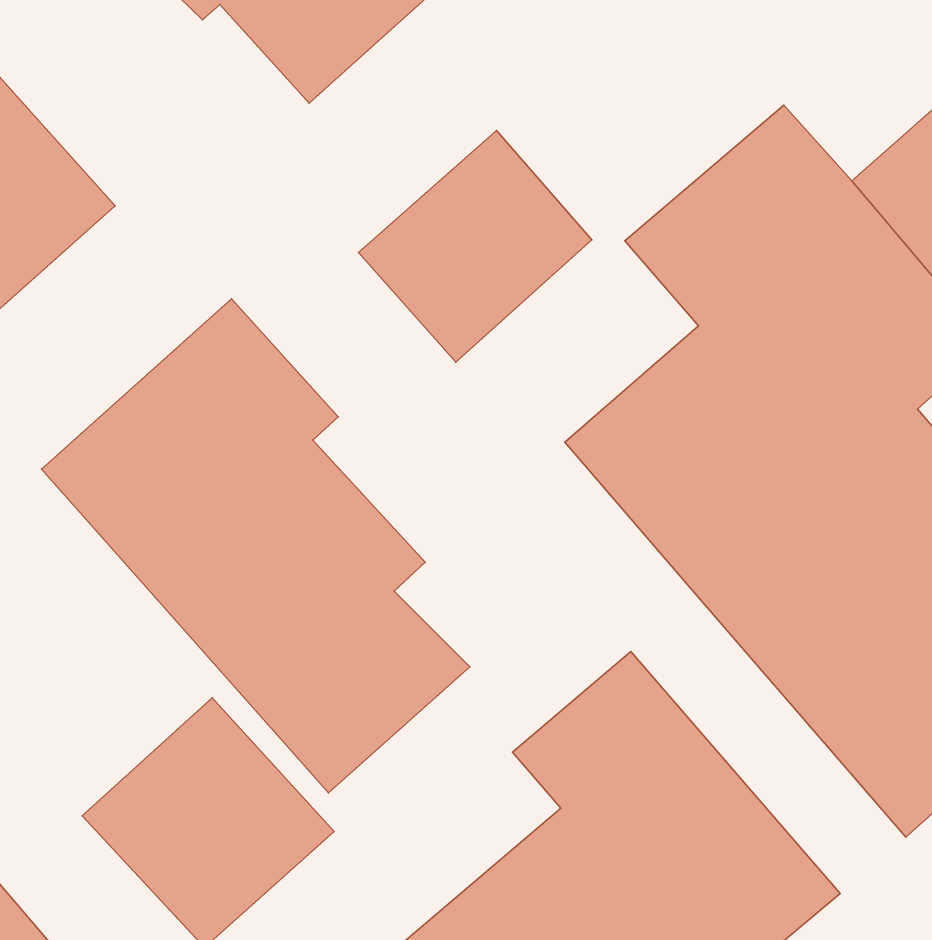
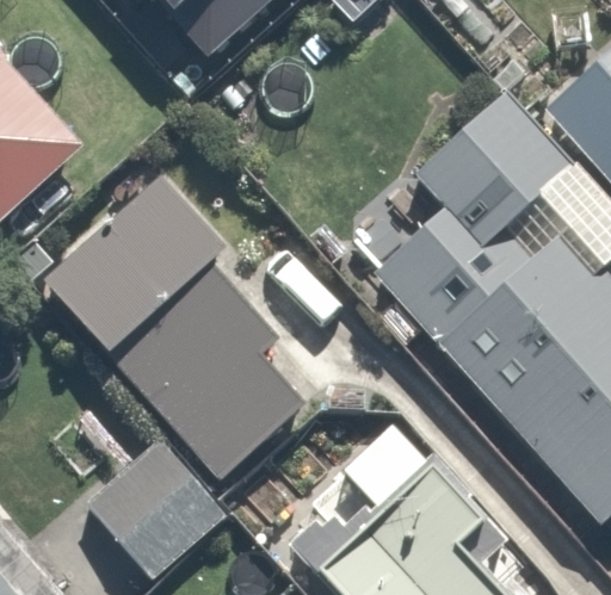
building: [359,130,592,362] -> none

